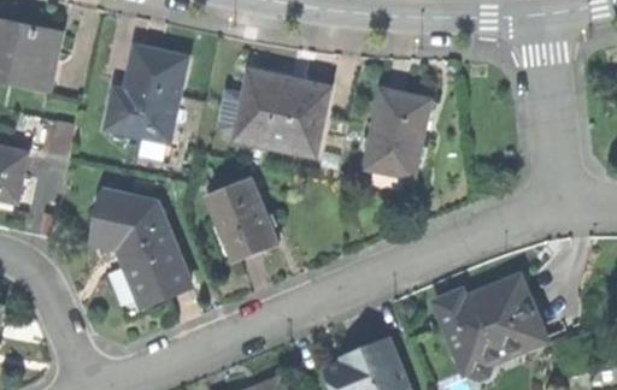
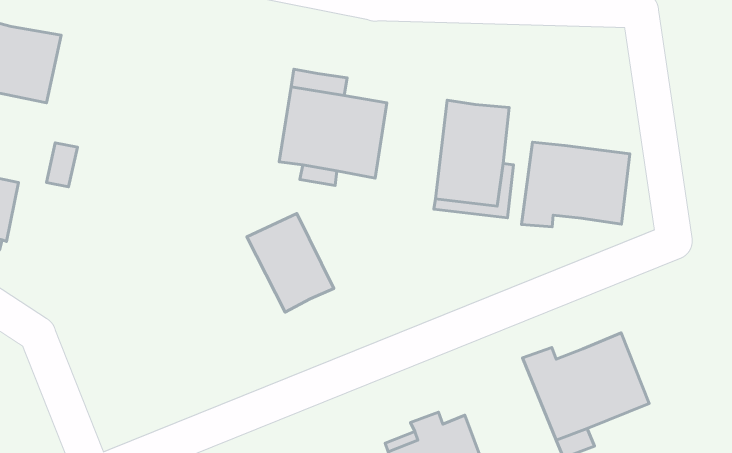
building: [105,48,183,140] -> none
building: none -> [522,142,630,227]
building: [90,189,186,300] -> none

